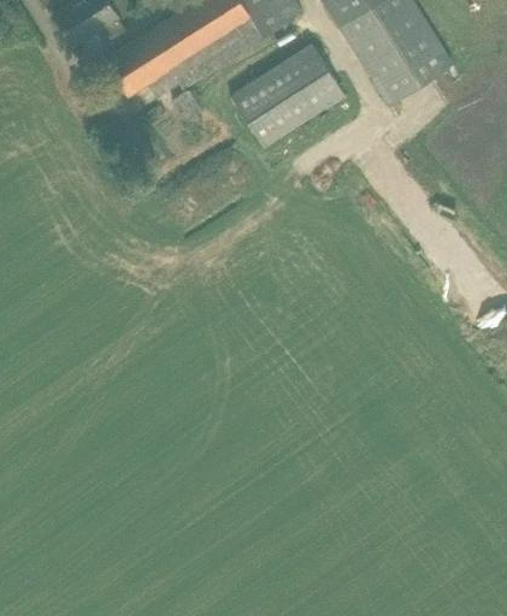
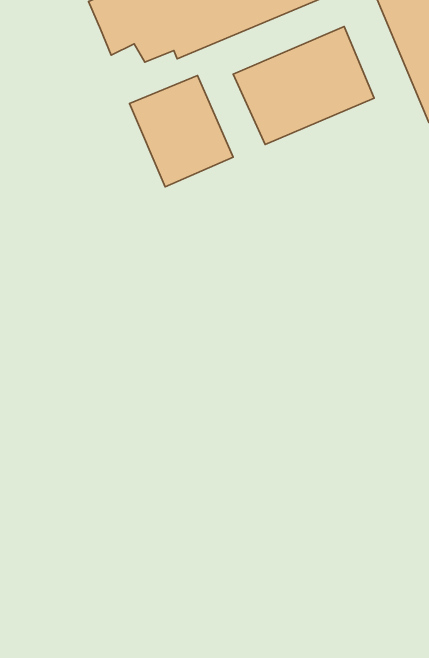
building: none -> [129,75,233,187]

